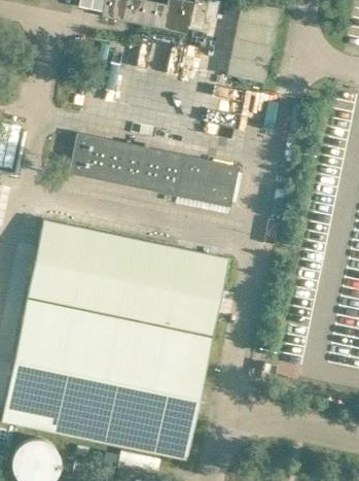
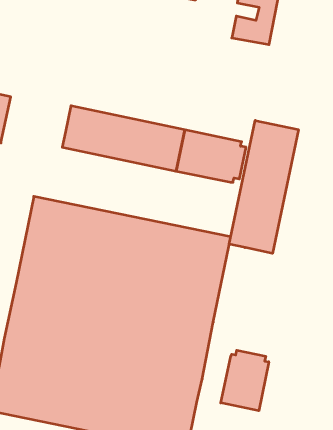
building: none -> [229,120,298,253]
building: none -> [221,350,269,411]

